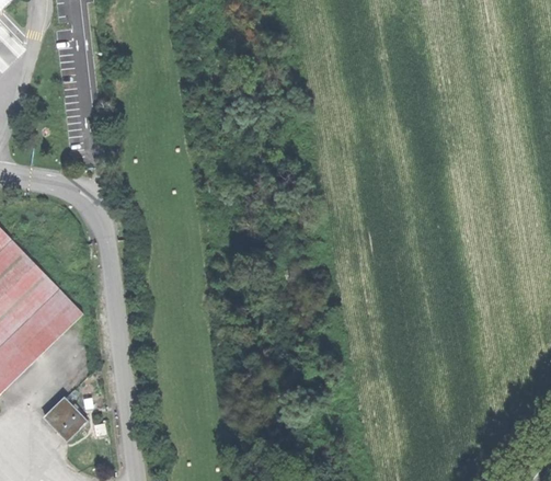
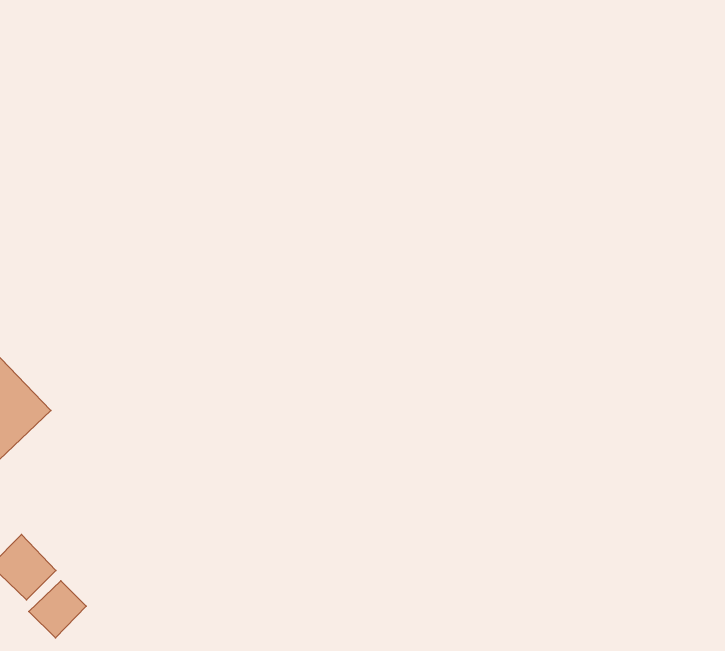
building: none -> [29,581,86,638]

